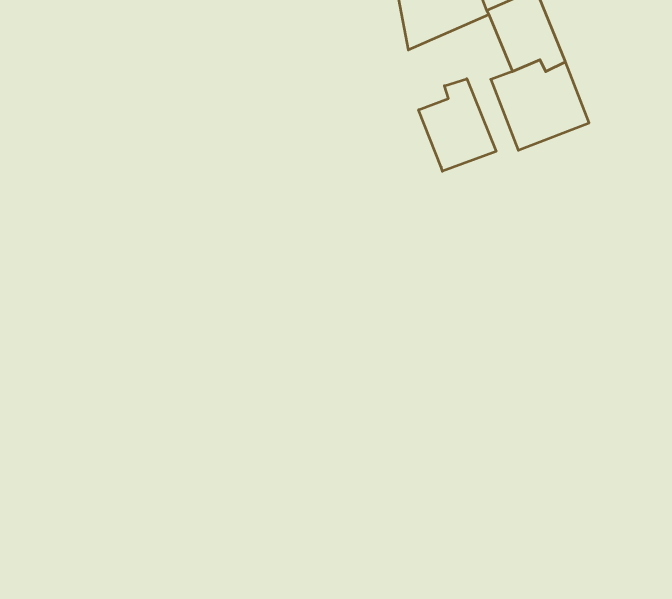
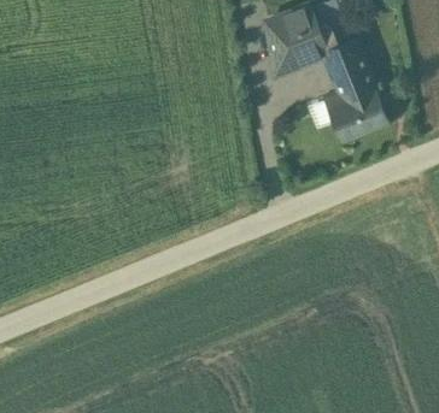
building: [419,79,496,171] -> none

